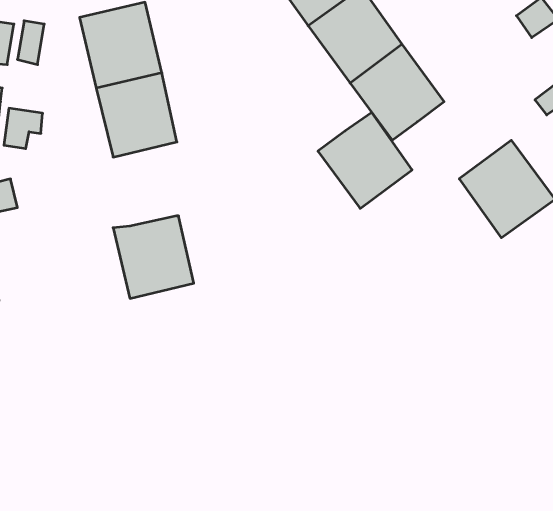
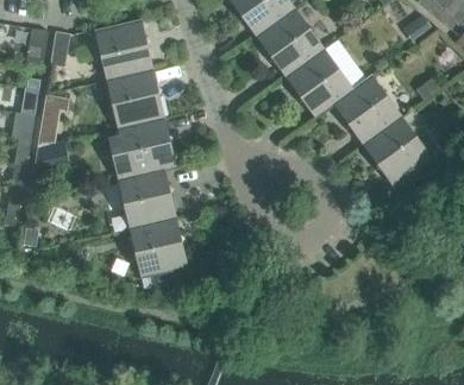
building: [318,113,412,208] -> [333,75,400,143]
building: none -> [108,116,175,177]
building: none -> [130,216,187,288]

